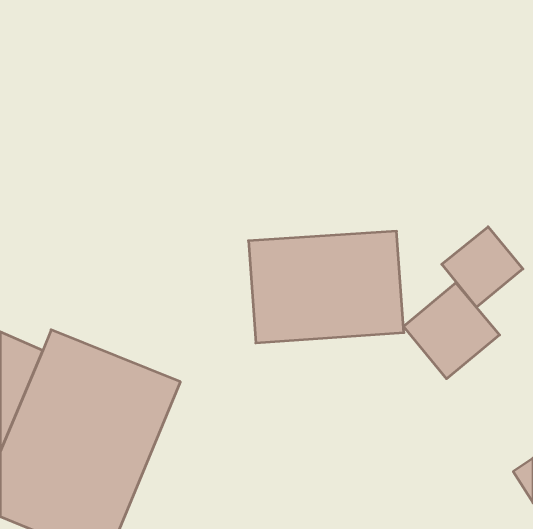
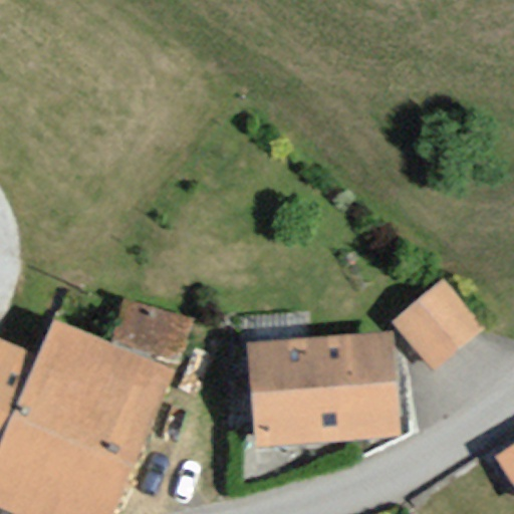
building: [442,227,523,307] -> none
building: [248,231,404,343] -> [248,336,398,444]

